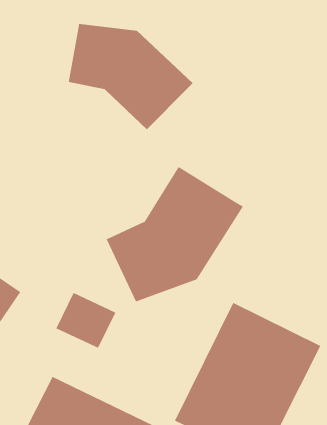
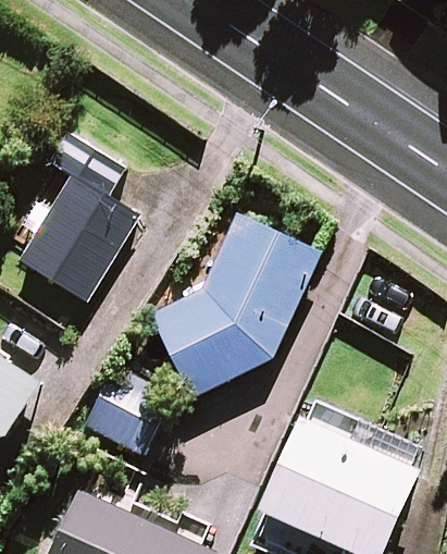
building: [68,23,194,130] -> none
building: none -> [17,133,137,300]

